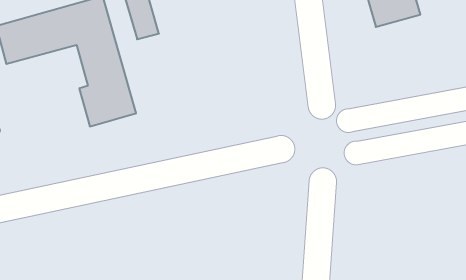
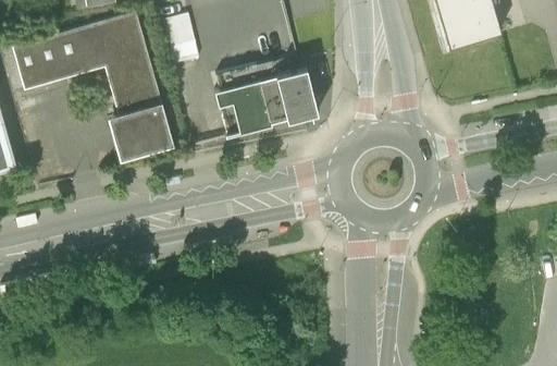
building: none -> [213,59,318,135]

